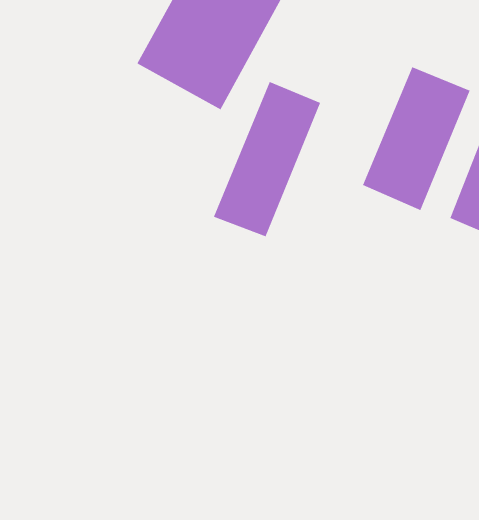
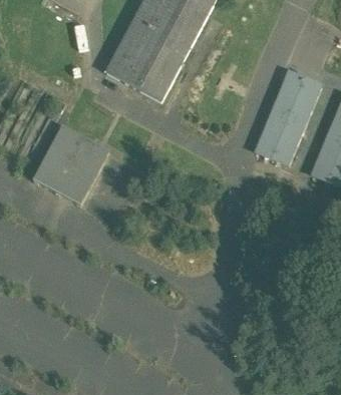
building: [213,81,321,237] -> none
building: none -> [33,126,107,204]

